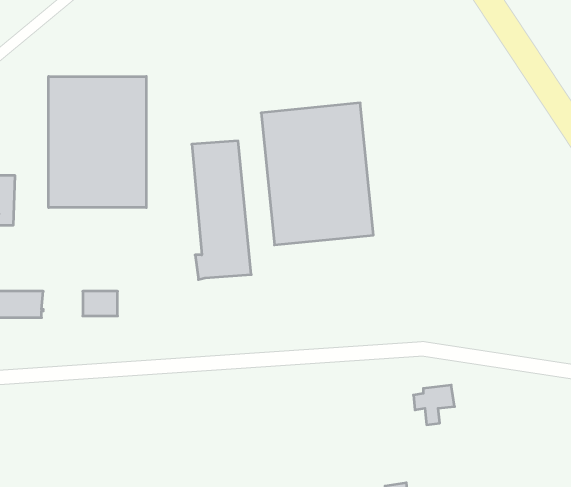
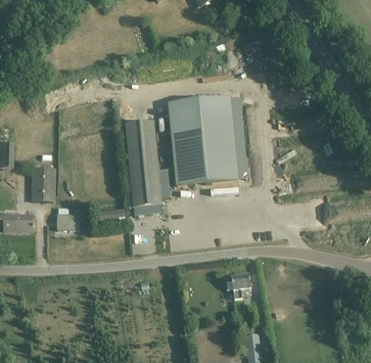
building: [49,76,146,208] -> none
building: none -> [38,168,54,200]
building: [413,385,455,425] -> [226,274,251,299]

